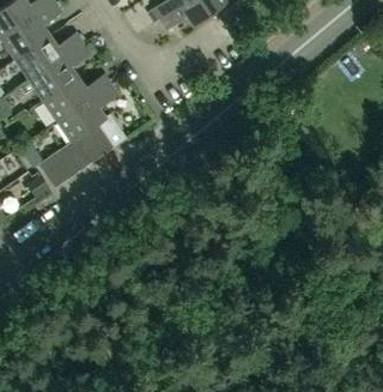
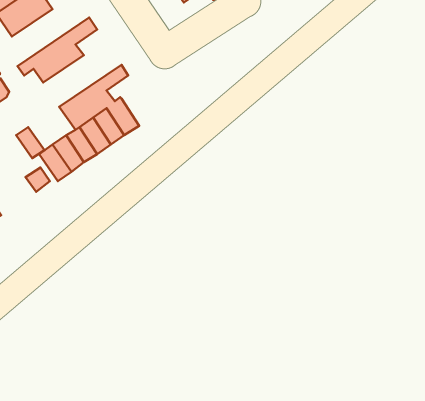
building: [14,34,83,86] -> none
building: [42,74,111,122] -> none

